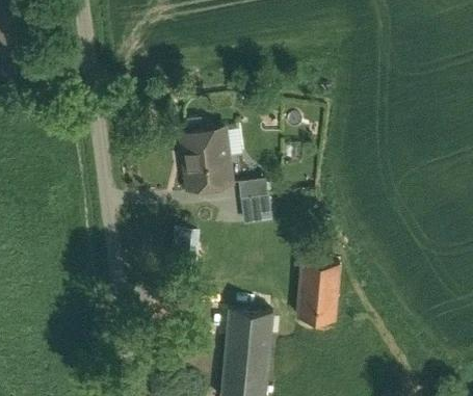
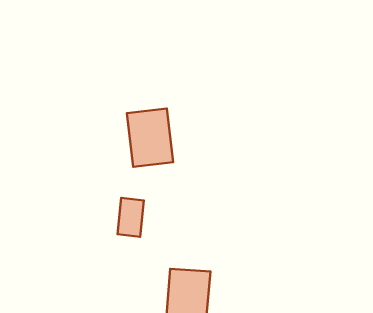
building: [235,177,270,223] -> none
building: [298,265,341,323] -> none

